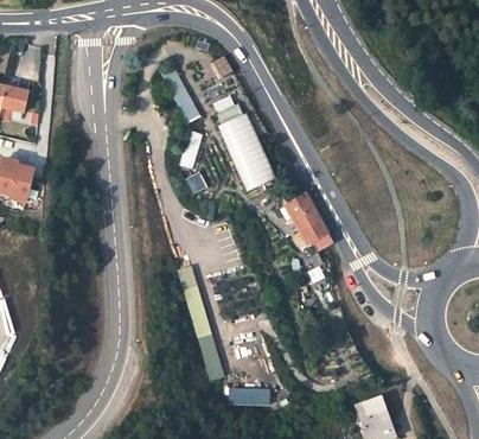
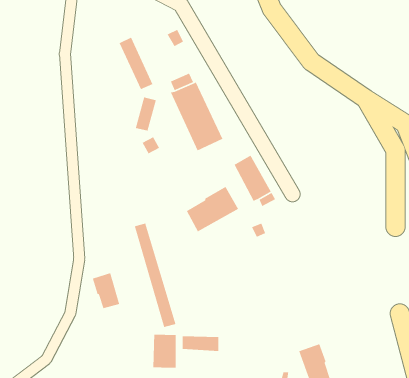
building: none -> [186,186,239,233]
building: none -> [92,272,120,309]
building: none -> [153,334,177,369]

